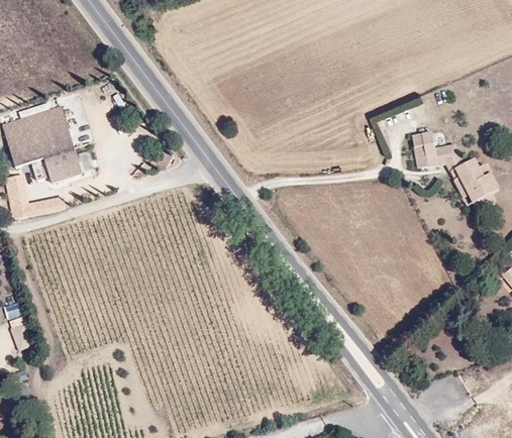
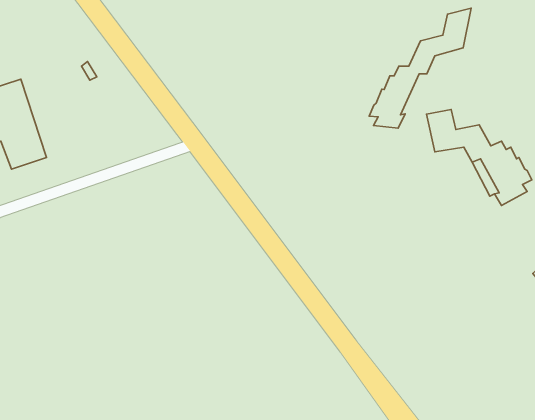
building: none -> [369,8,471,128]

